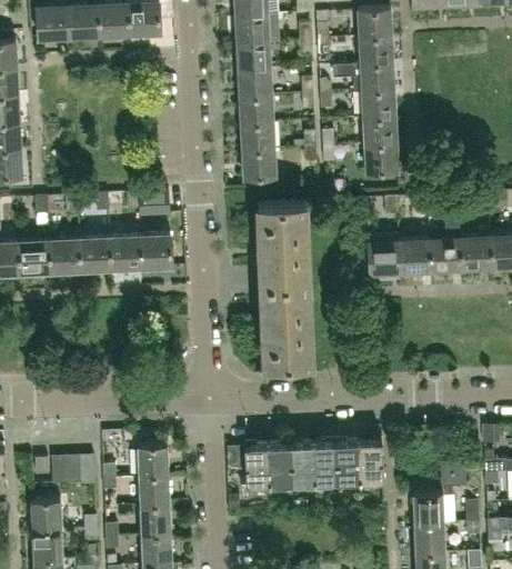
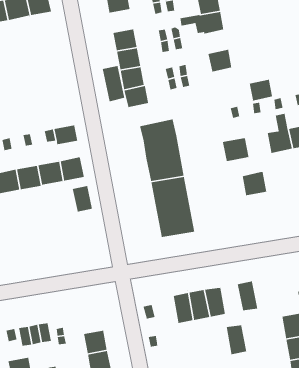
building: [238,43,269,71] -> none
building: [363,90,394,119] -> none
building: none -> [102,65,125,106]
building: [365,143,399,171] -> [249,79,274,102]
building: [400,238,431,270] -> [242,170,267,196]
building: none -> [72,185,93,213]
building: [337,440,361,480] -> [226,324,247,355]
building: [138,443,168,478] -> none
building: [244,443,270,483] -> none

